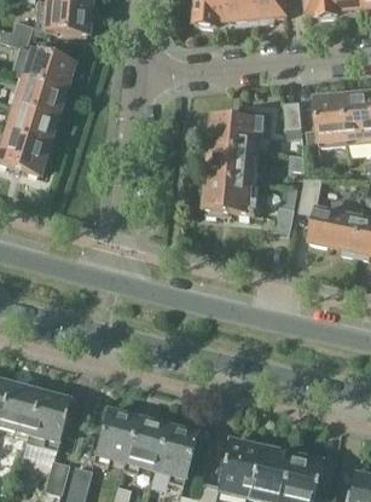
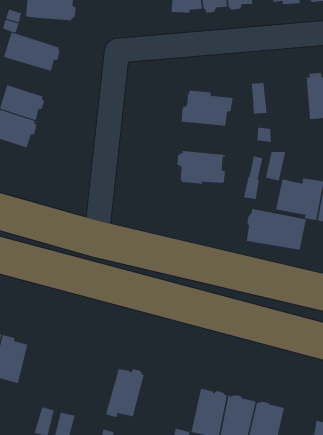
building: [15,79,65,119] -> none
building: [306,94,348,146] -> none
building: [205,146,257,183] -> none
building: none -> [246,208,306,251]
building: [25,391,70,451] -> none
building: [93,410,138,469] -> none
building: [155,426,196,485] -> none

